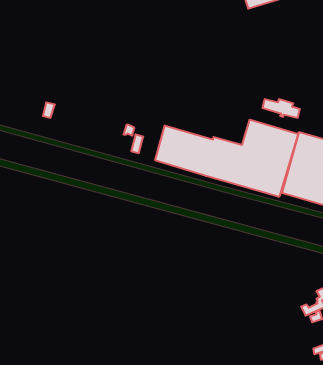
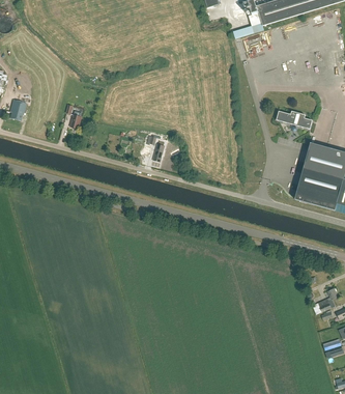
building: [155,120,298,197] -> none

